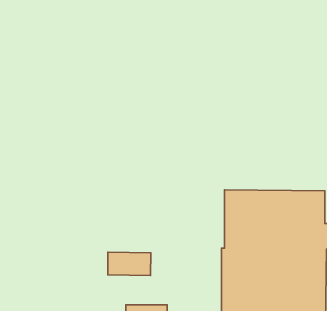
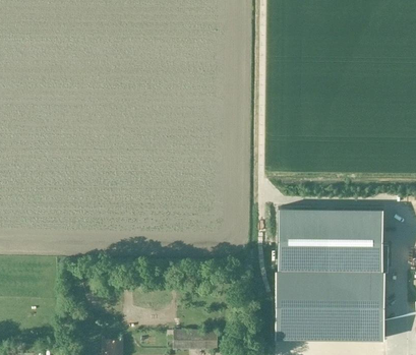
building: [108,252,151,275] -> none

